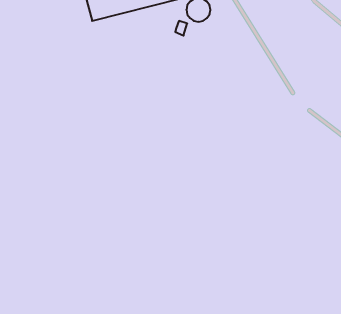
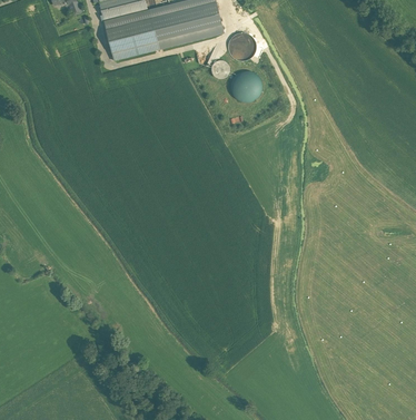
building: none -> [231,72,260,100]

